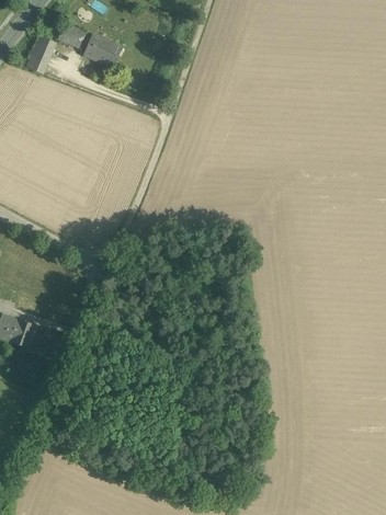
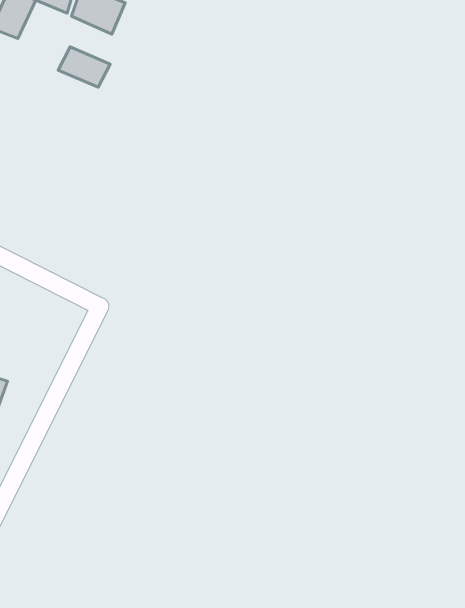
building: none -> [58,47,110,87]

